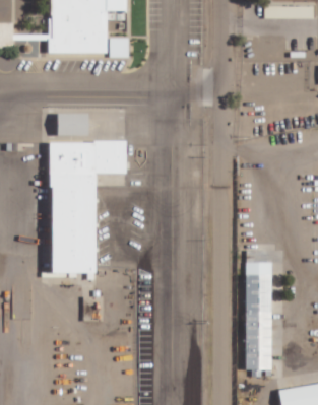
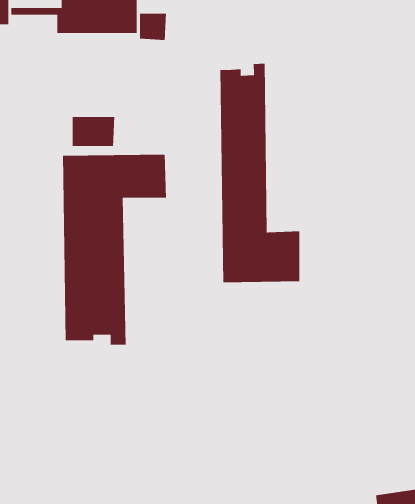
building: none -> [219,63,300,283]
building: [245,262,271,377] -> none

